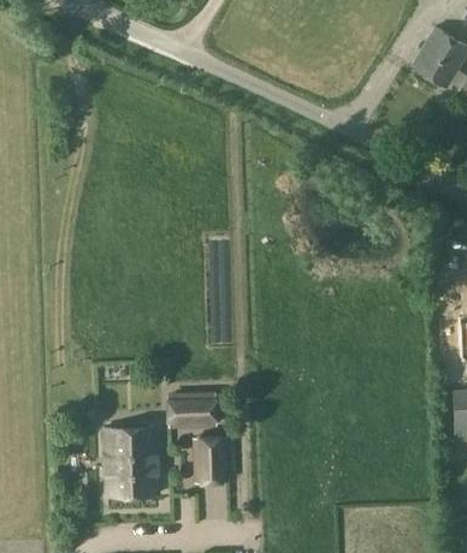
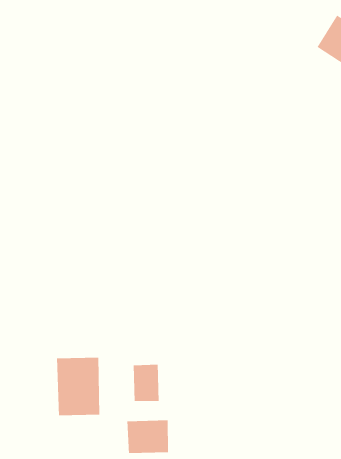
building: [169,396,215,427] -> none
building: none -> [126,420,169,454]

